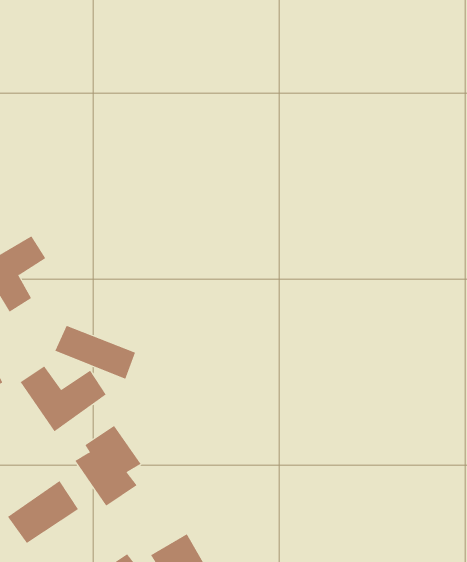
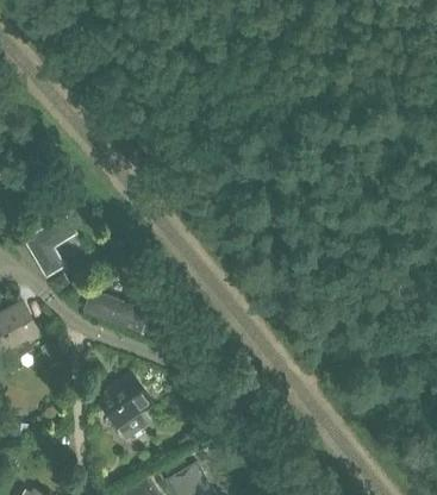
building: [20,366,107,432] -> none
building: [7,480,79,544] -> none

